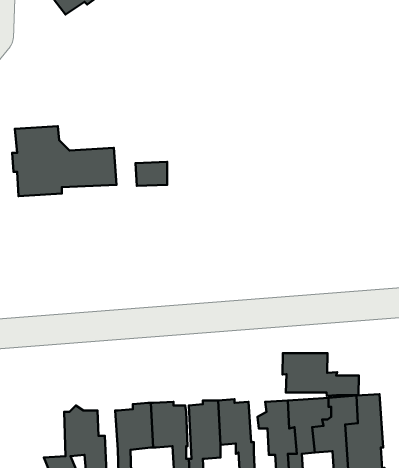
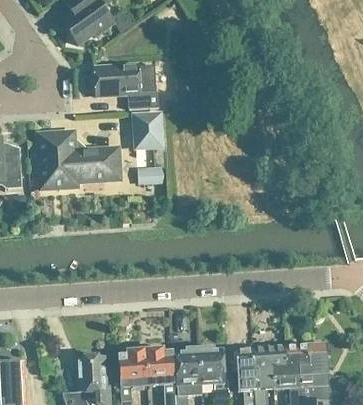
building: none -> [94,65,159,110]
building: none -> [134,114,162,149]
building: [283,353,359,396] -> none

